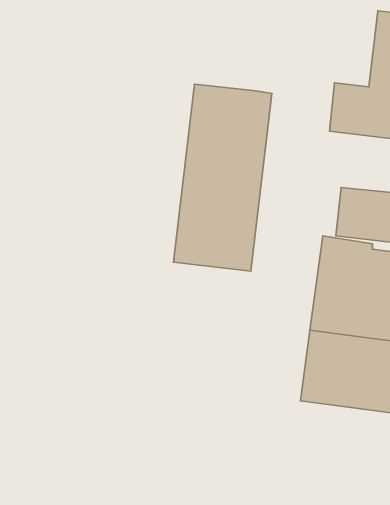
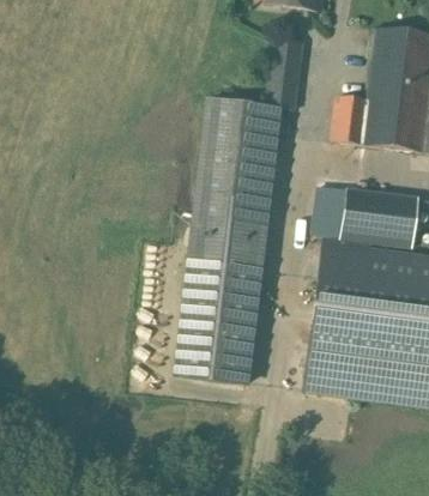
building: none -> [266,41,302,107]
building: none -> [313,188,344,236]
building: none -> [177,260,261,380]

